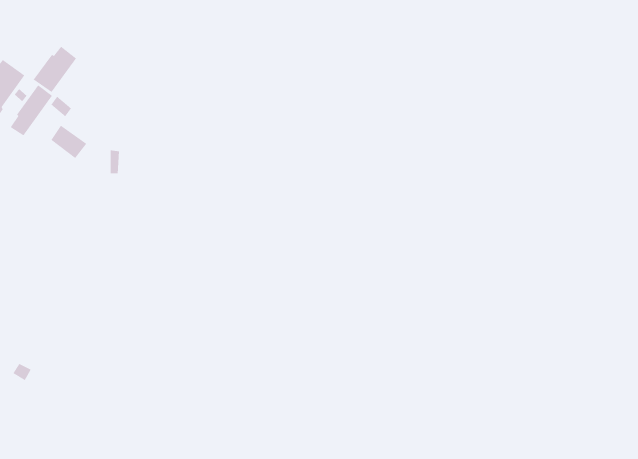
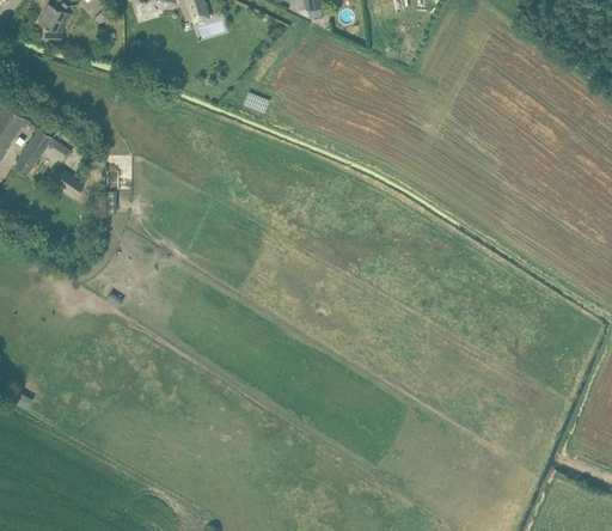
building: [33,46,77,93] -> none

